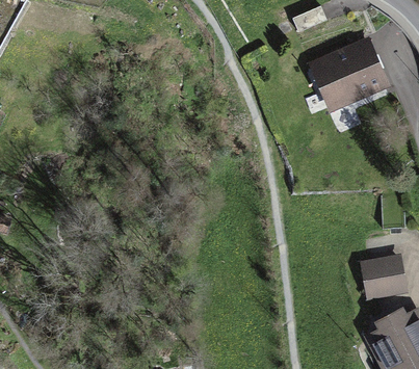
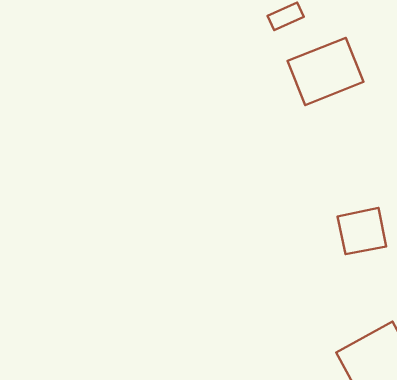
building: [360,254,405,297] -> [338,208,386,254]

